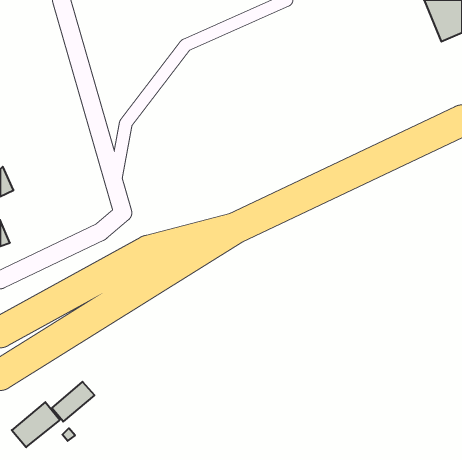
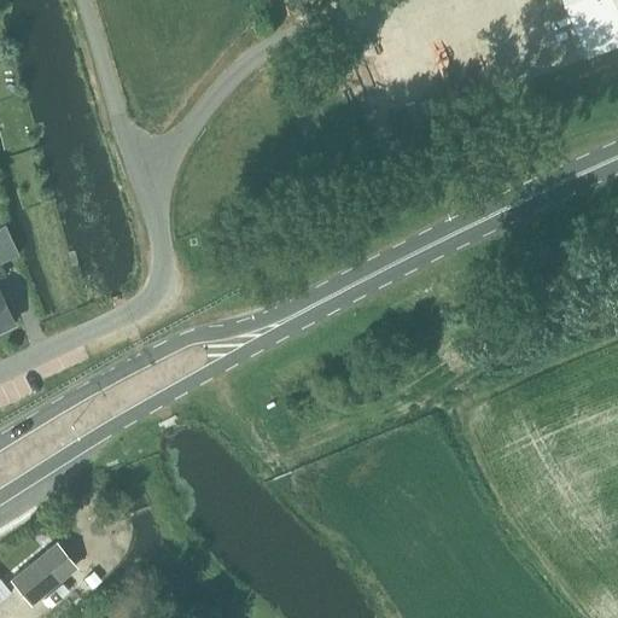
building: [52,382,94,422] -> none

